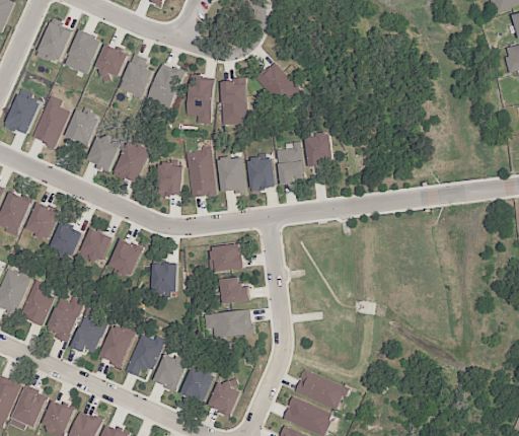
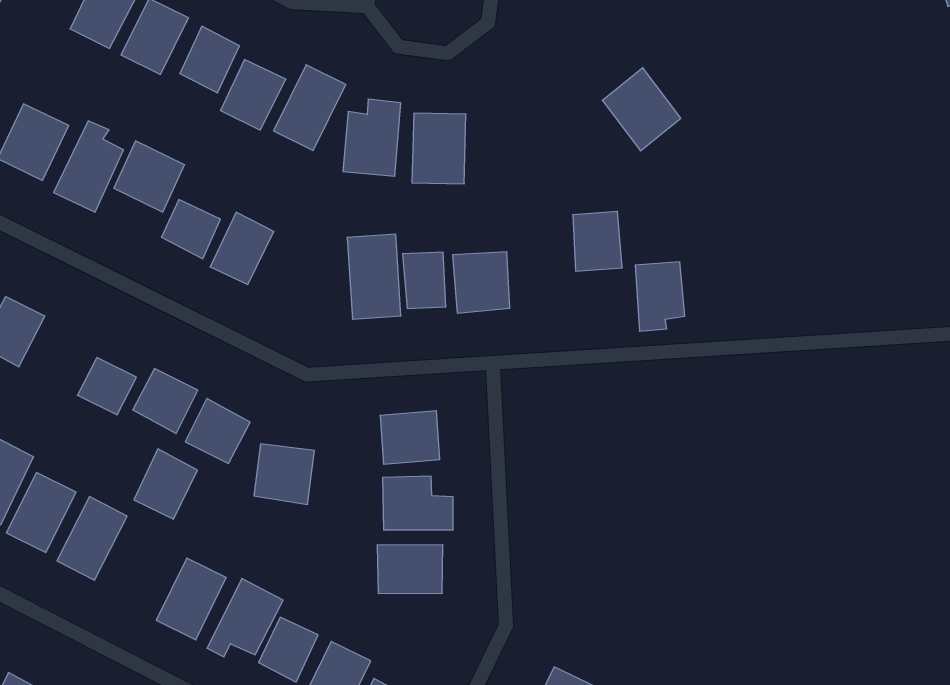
building: [253,60,295,103] -> [602,68,681,151]
building: [277,146,304,184] -> [635,262,685,331]
building: [154,162,187,198] -> none
building: [26,205,59,241] -> none
building: [73,316,105,353] -> [134,449,197,519]

